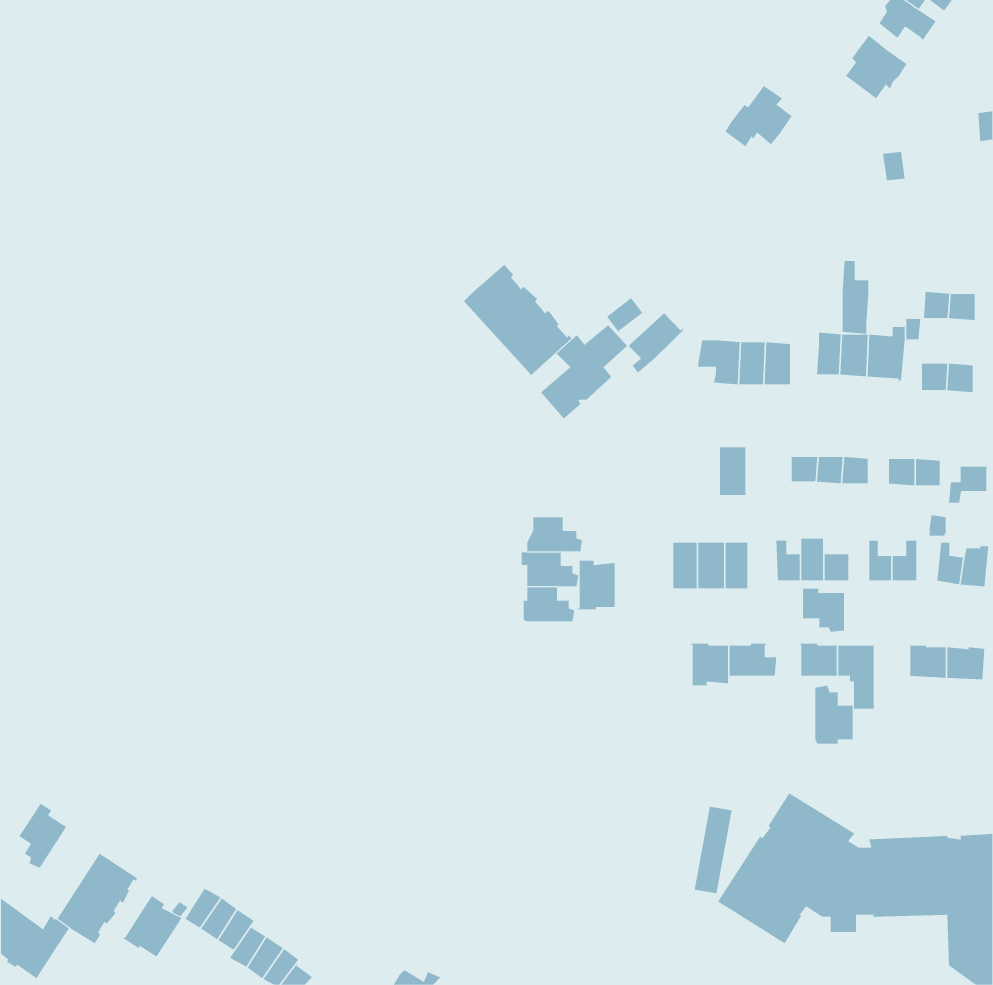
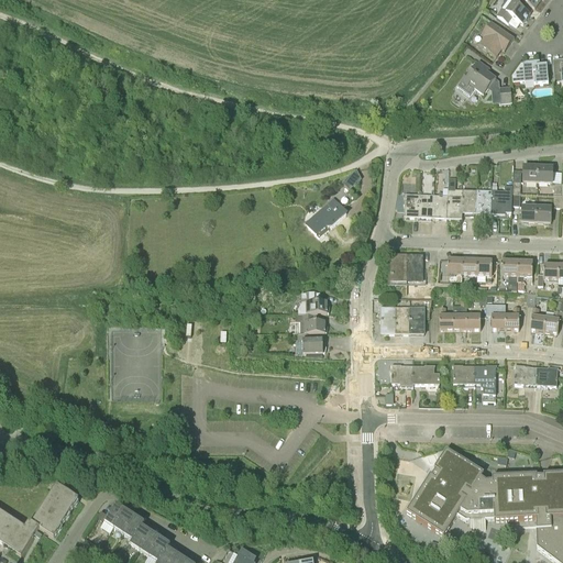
building: [725,85,793,147] -> [456,59,495,95]
building: none -> [511,59,548,82]
building: [842,260,869,334] -> [448,177,463,219]
building: [463,264,572,376] -> none
building: [628,313,685,375] -> none
building: none -> [390,253,407,280]
building: [577,560,615,610] -> none
building: [803,588,845,633] -> none
building: [815,685,853,745] -> none
building: [19,803,67,869] -> none
building: [122,895,182,958] -> none

